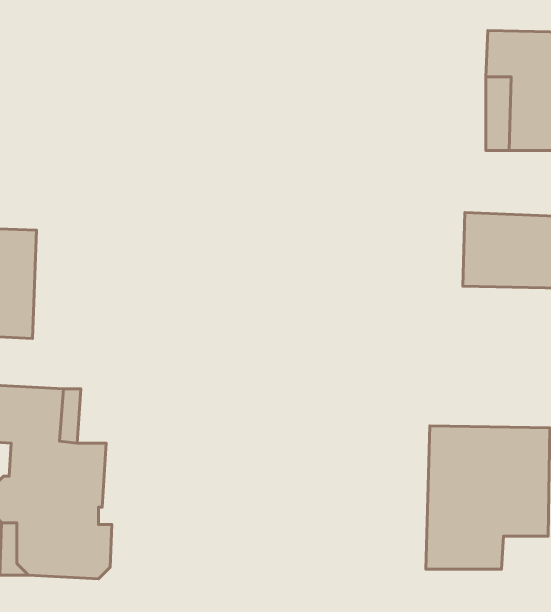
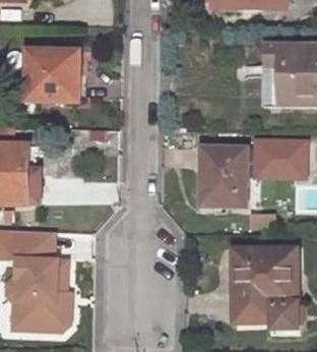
building: none -> [27,51,81,103]
building: none -> [201,148,248,207]

